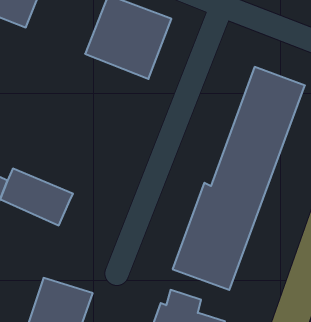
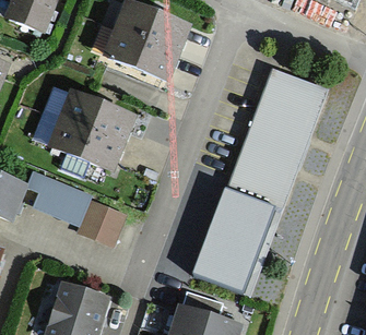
building: none -> [48,91,137,171]
building: none -> [74,201,125,248]

